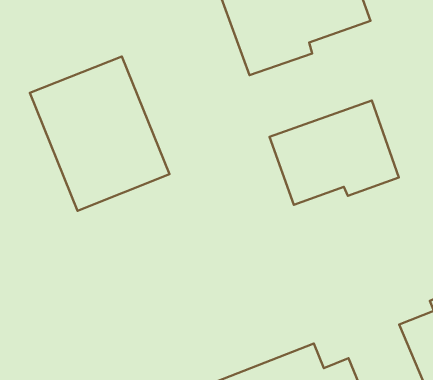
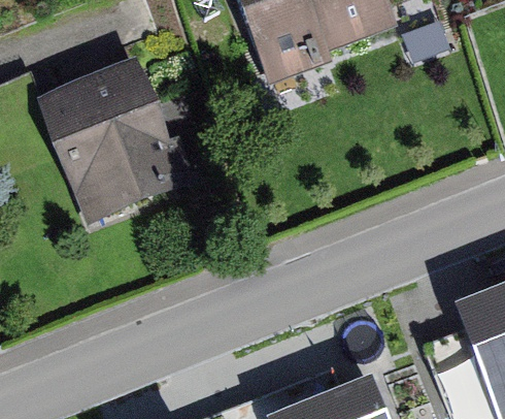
building: [270,100,399,205] -> none

